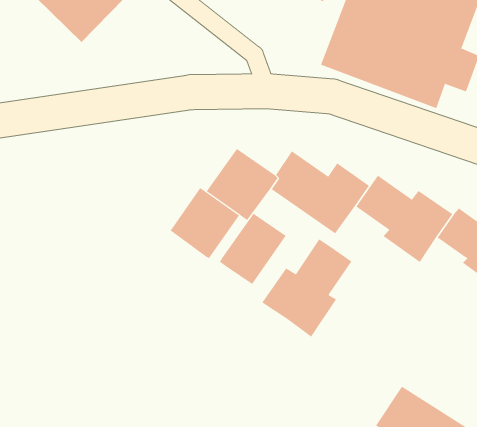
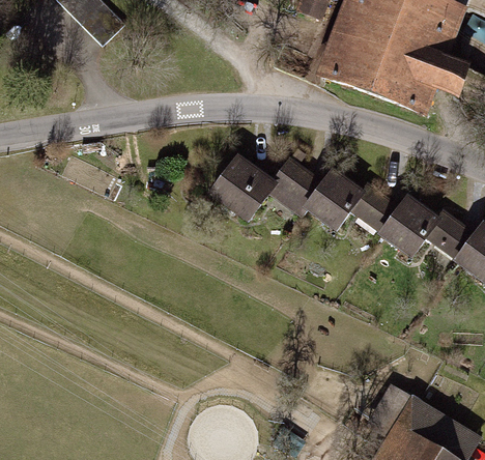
building: [170,187,240,259] -> none
building: [219,213,287,285] -> none
building: [262,238,352,337] -> none

